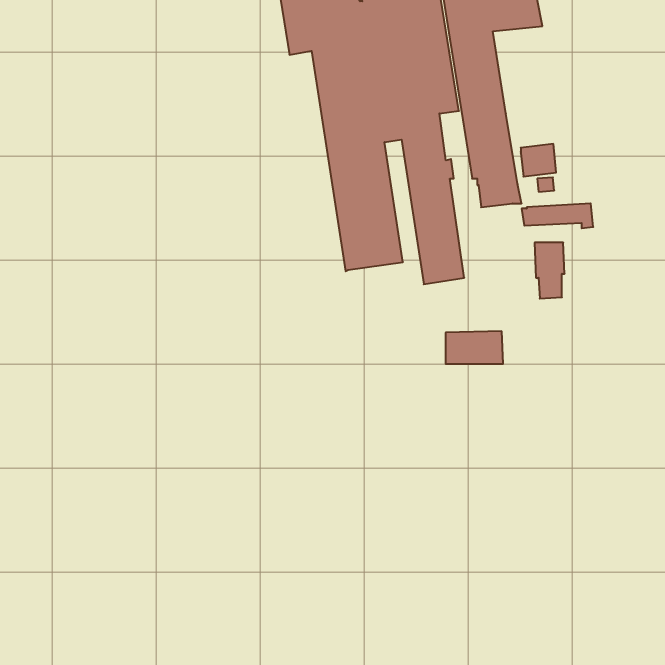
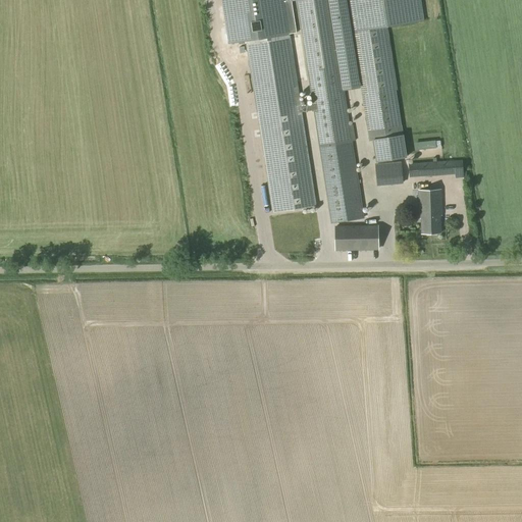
building: [521,144,556,177] -> [376,160,404,186]
building: [446,331,503,364] -> [335,224,380,250]

